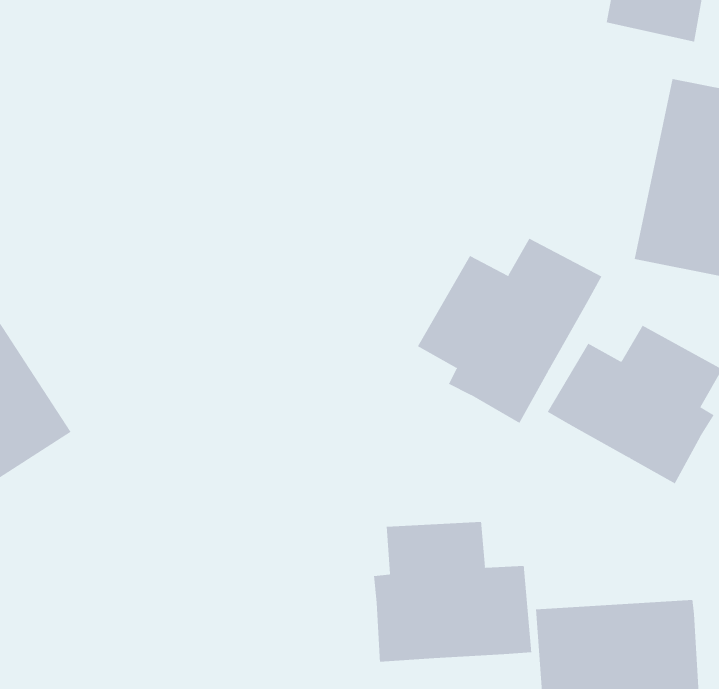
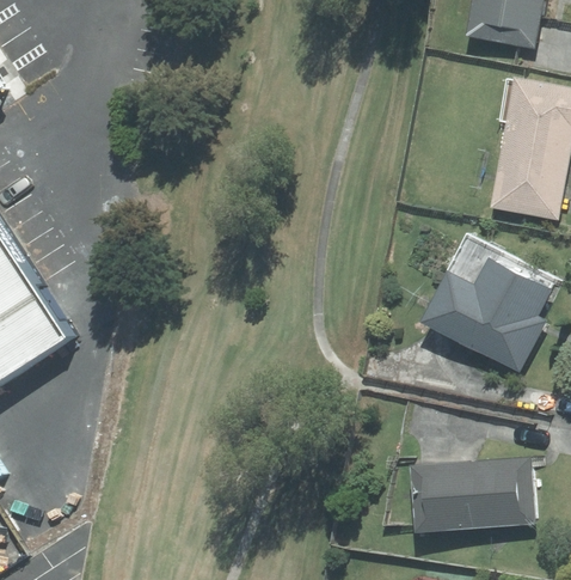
building: [417,238,602,424] -> none
building: [373,521,532,663] -> none

